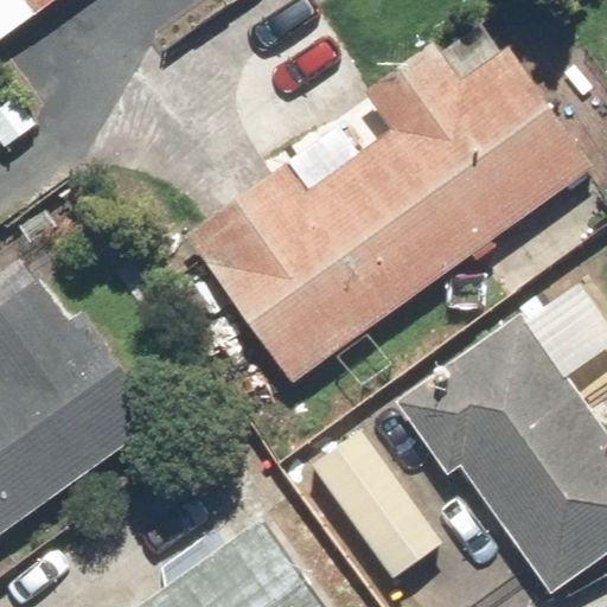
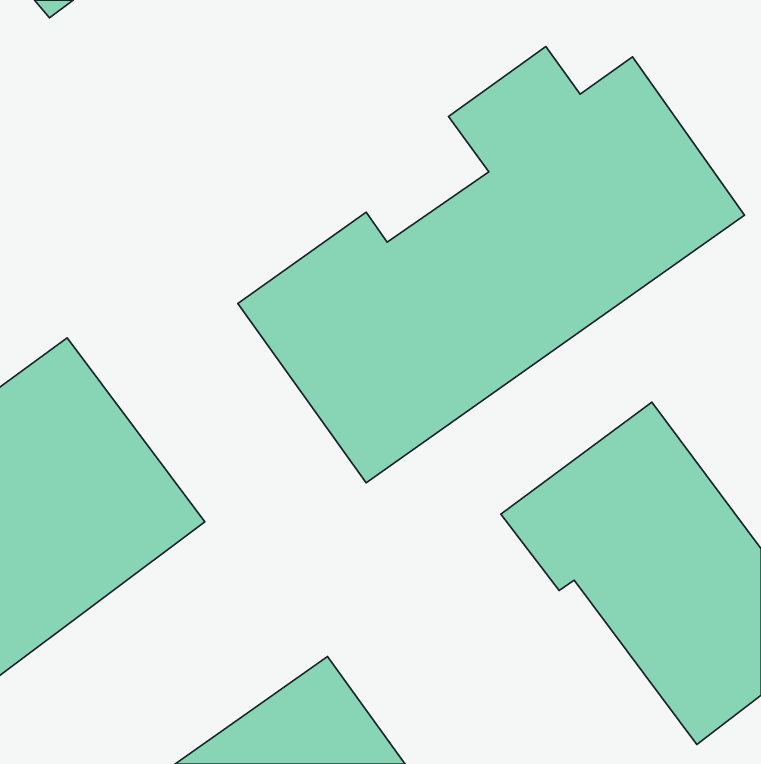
building: [311,429,442,576] -> none

